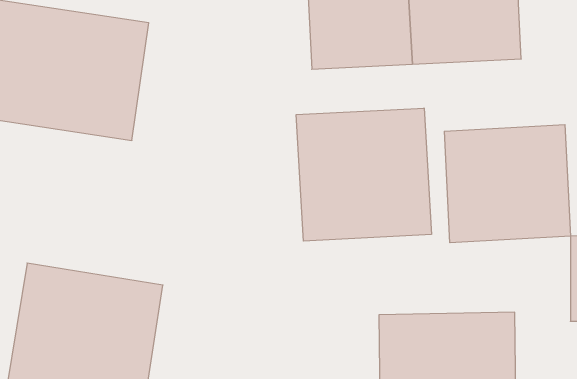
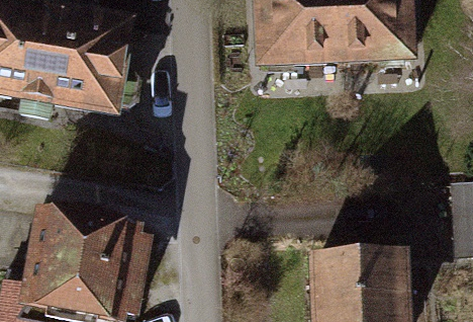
building: [296,108,431,241] -> none
building: [444,125,570,243] -> none

